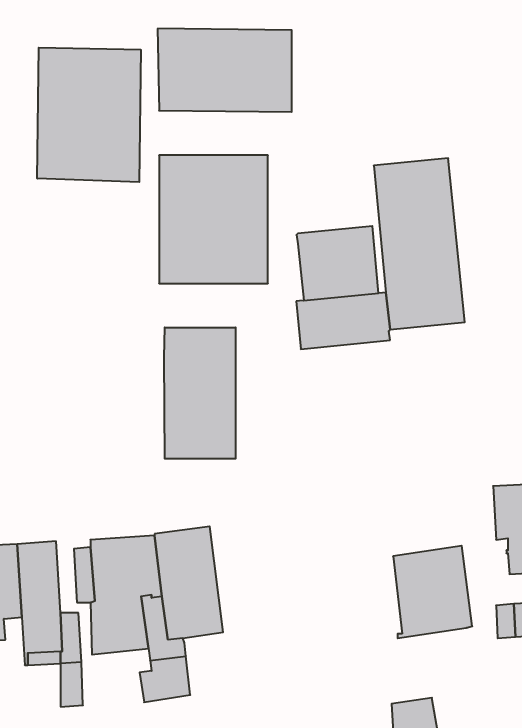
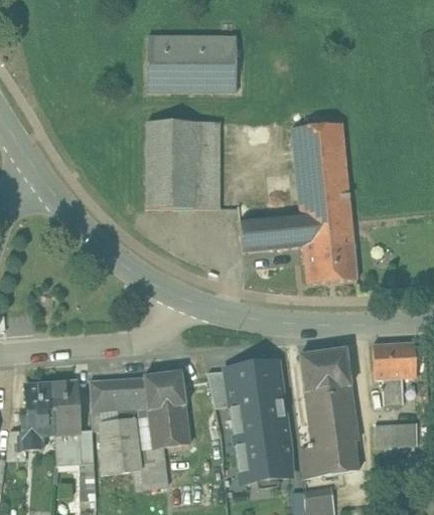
building: [37,48,141,182] -> none
building: [296,226,378,301] -> [302,233,357,284]
building: [164,327,236,459] -> none
building: none -> [300,348,351,391]
building: none -> [214,357,292,482]
building: none -> [302,440,358,478]
building: none -> [102,454,142,490]

